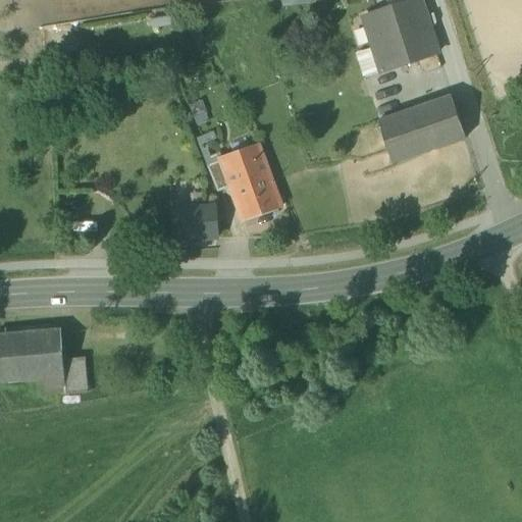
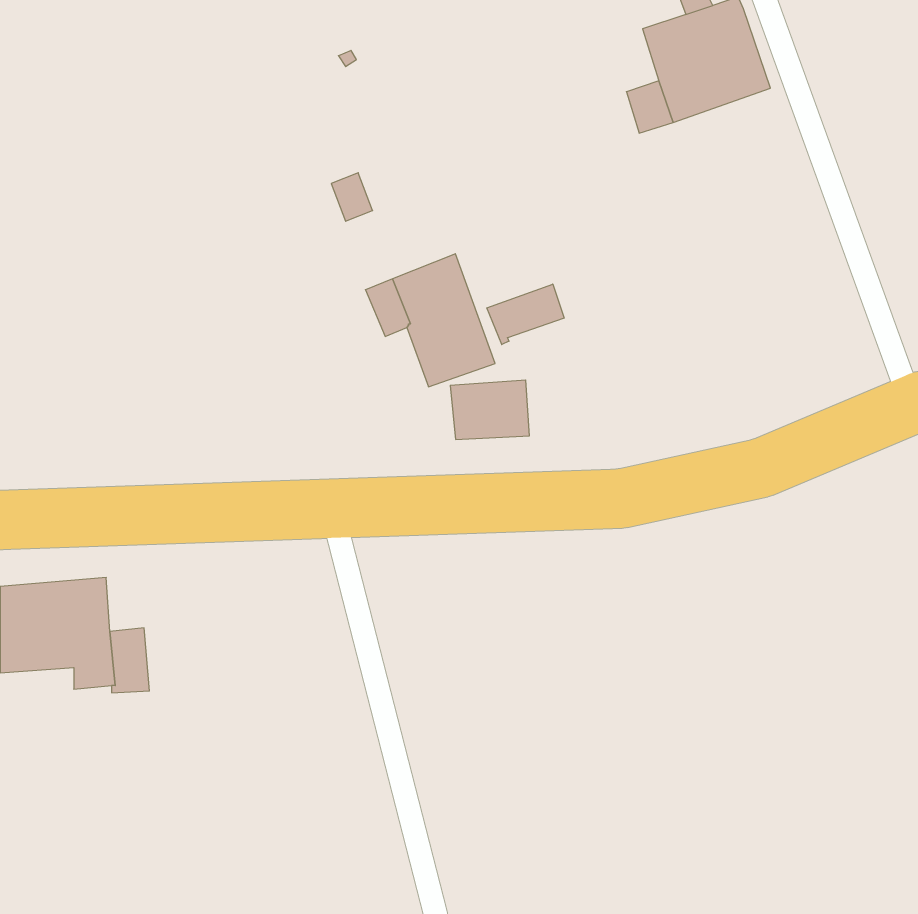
building: [378,94,466,162] -> none
building: none -> [487,284,564,345]
building: [172,205,217,239] -> [450,380,529,439]

